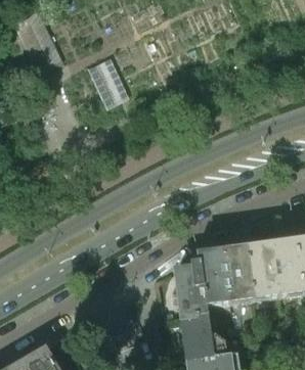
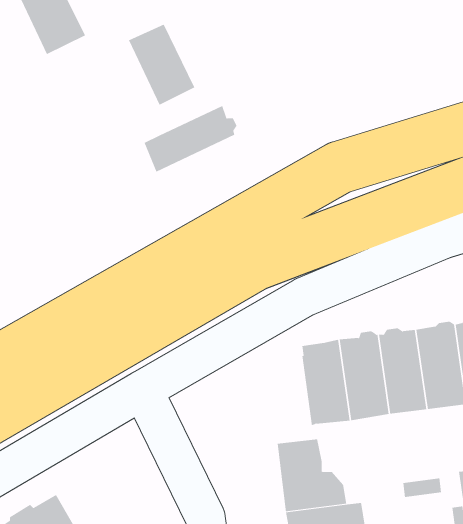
building: none -> [144,105,237,172]
building: [176,260,208,315] -> none

